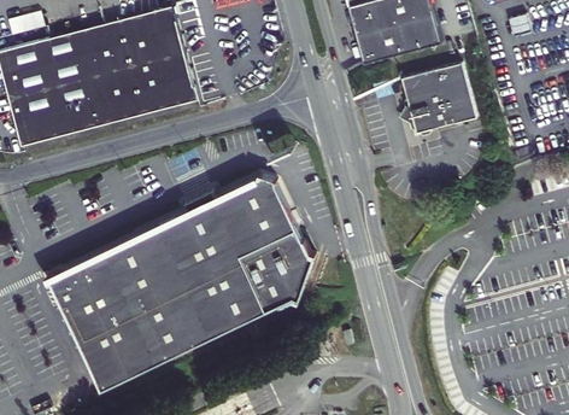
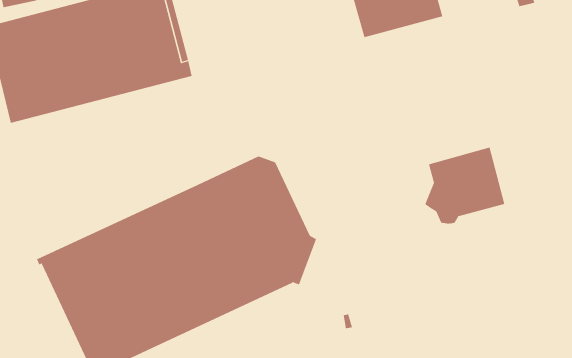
building: [398,62,476,136] -> [424,147,505,224]

